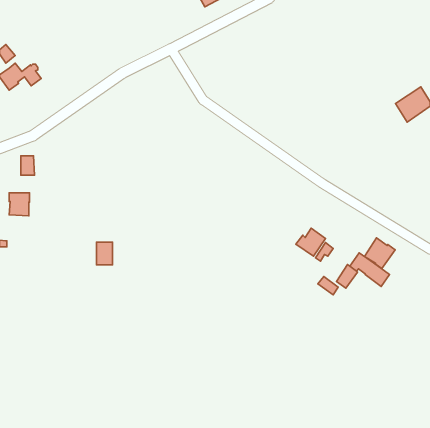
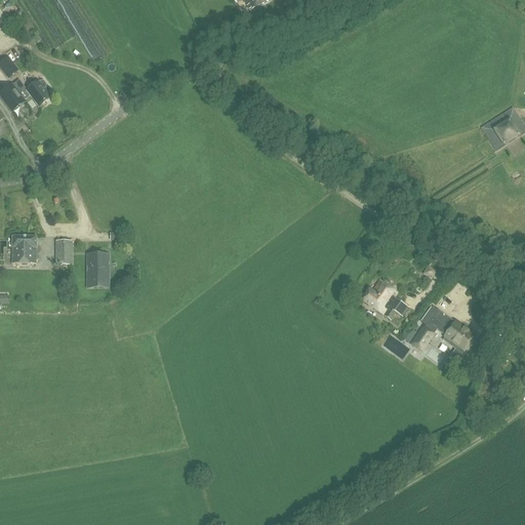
building: [21,156,34,175] -> [55,239,72,262]
building: [365,238,395,269] -> none
building: [97,242,113,265] -> [87,252,107,280]

